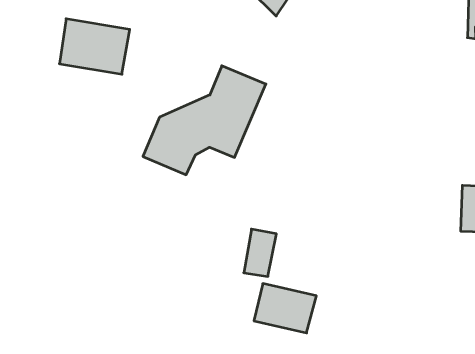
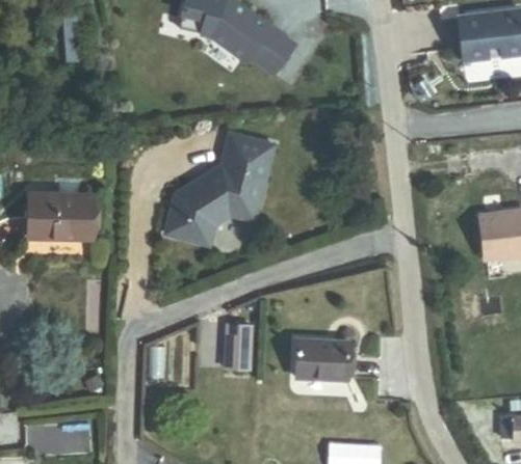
building: [59,19,130,74] -> [28,193,92,239]
building: [244,229,276,276] -> [225,325,251,369]

